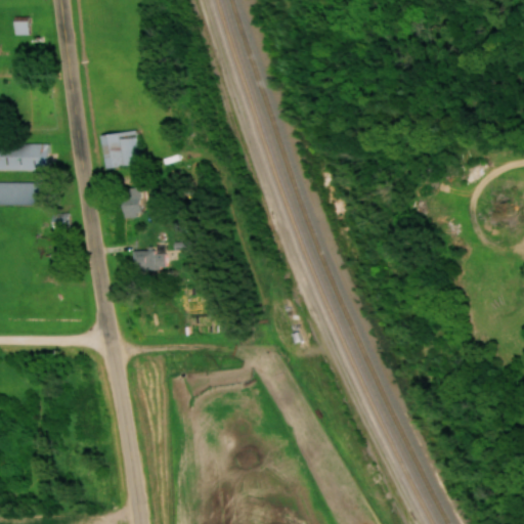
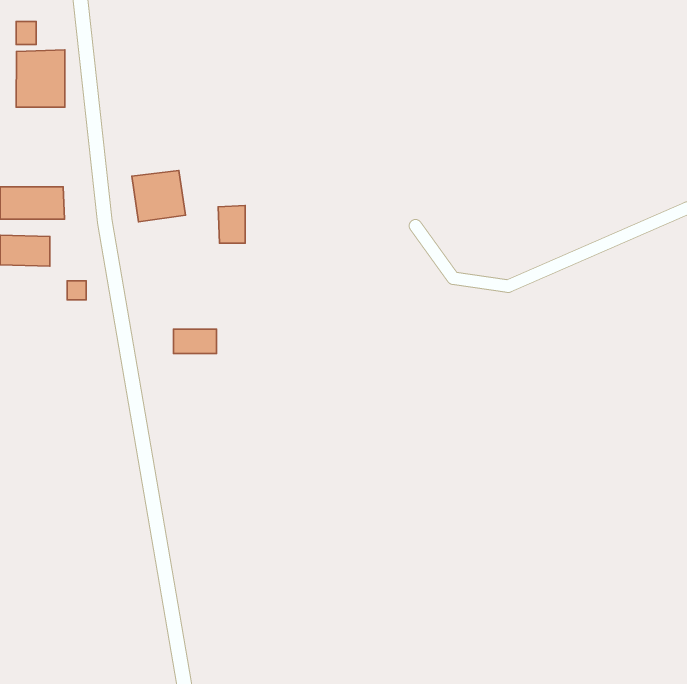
building: none -> [16,50,65,107]
building: [120,189,140,218] -> [218,205,245,243]

